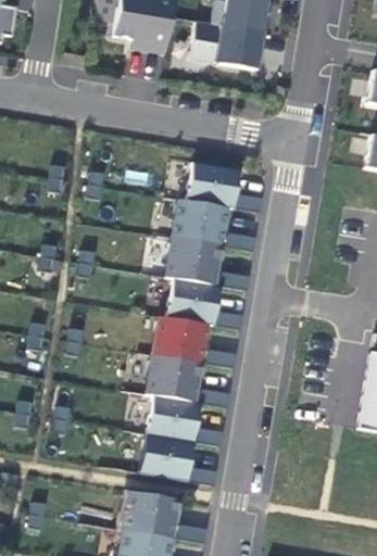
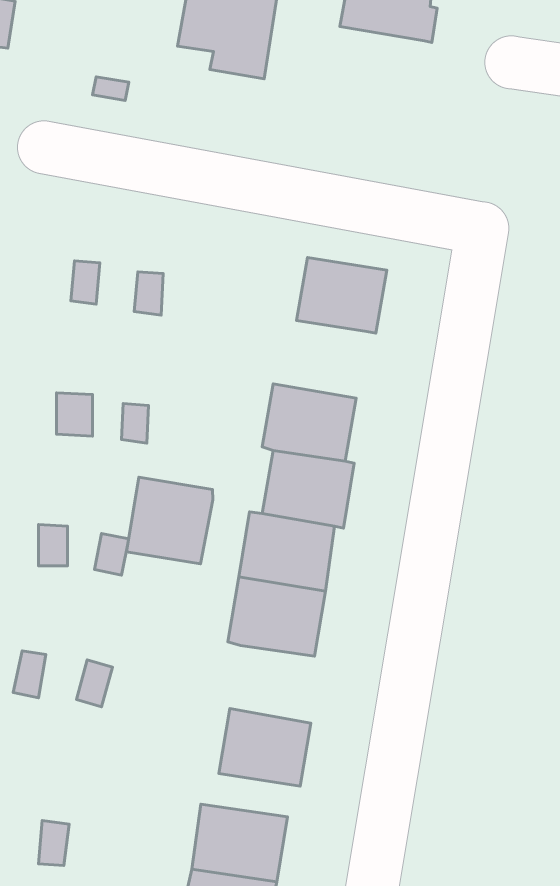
building: [188,20,262,68] -> none
building: [171,198,227,245] -> none
building: none -> [127,477,213,564]
building: [144,394,200,441] -> none

